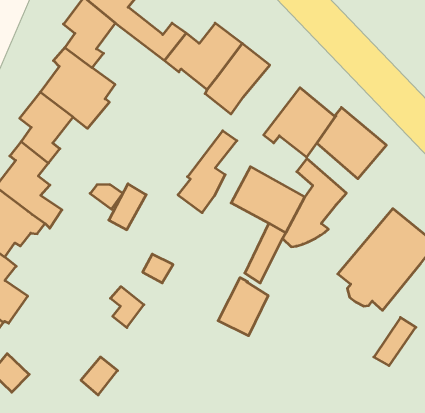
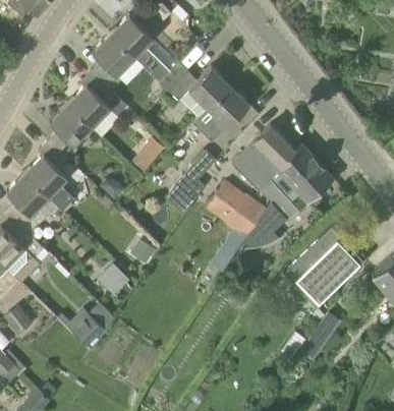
building: [109,184,146,230] -> [130,136,162,172]
building: [218,278,268,336] -> none

